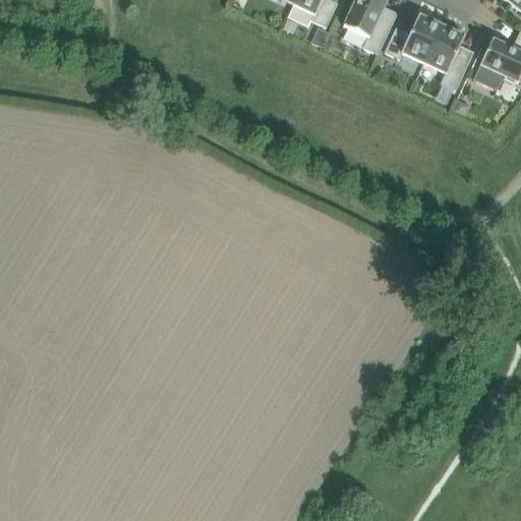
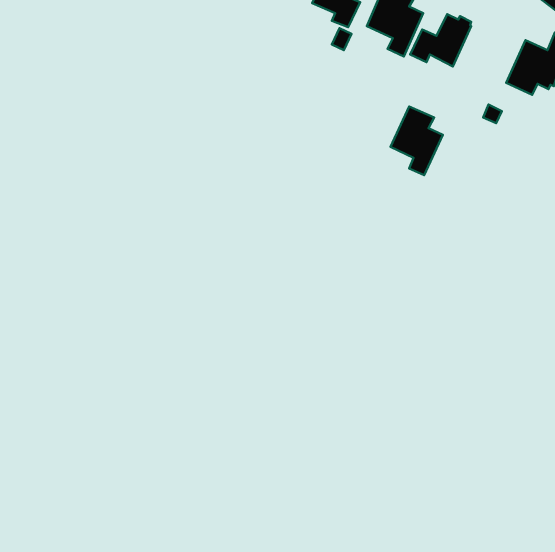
building: [424,24,473,89] -> [391,107,443,175]

